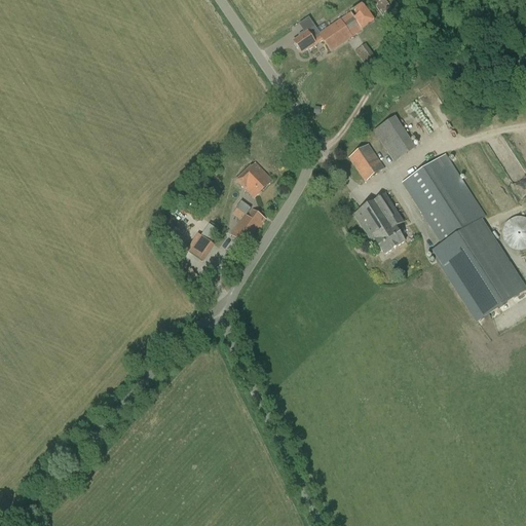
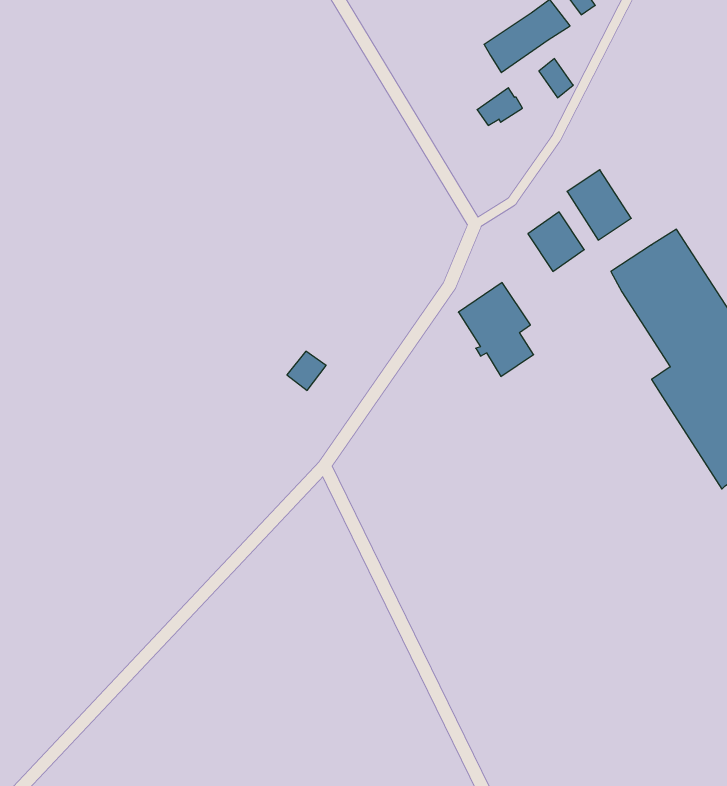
building: [293,25,323,49] -> [477,88,522,125]
building: [236,160,271,195] -> none
building: [355,191,405,253] -> [458,283,534,376]
building: [234,202,265,236] -> none

